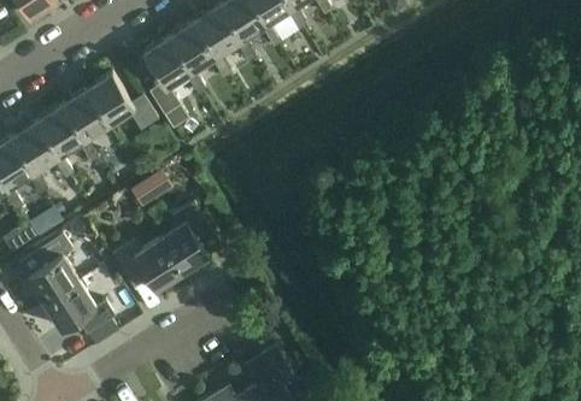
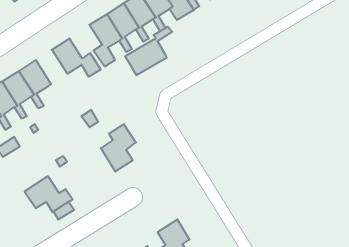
building: none -> [125,27,172,75]
building: [60,90,107,163] -> none
building: [27,235,78,303] -> none
building: [111,238,180,289] -> none

